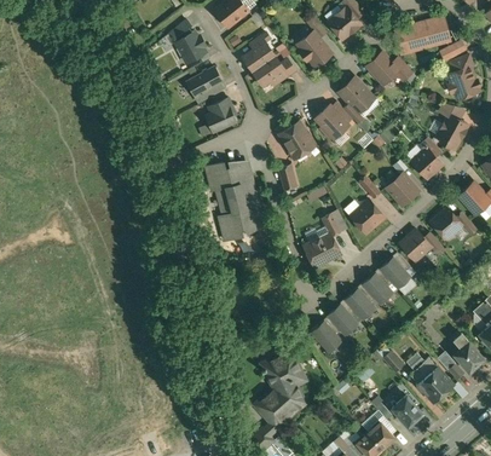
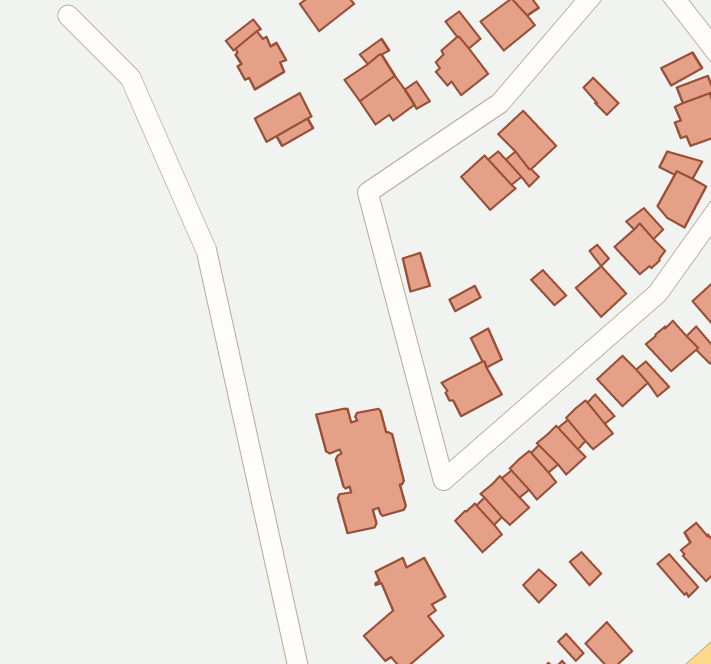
building: [398,18,447,51] -> none
building: [368,52,400,85] -> none
building: [206,98,237,133] -> none
building: [279,122,316,158] -> none
building: [206,163,261,241] -> [316,409,406,533]
building: [351,201,385,233] -> none
building: [410,358,454,403] -> none

